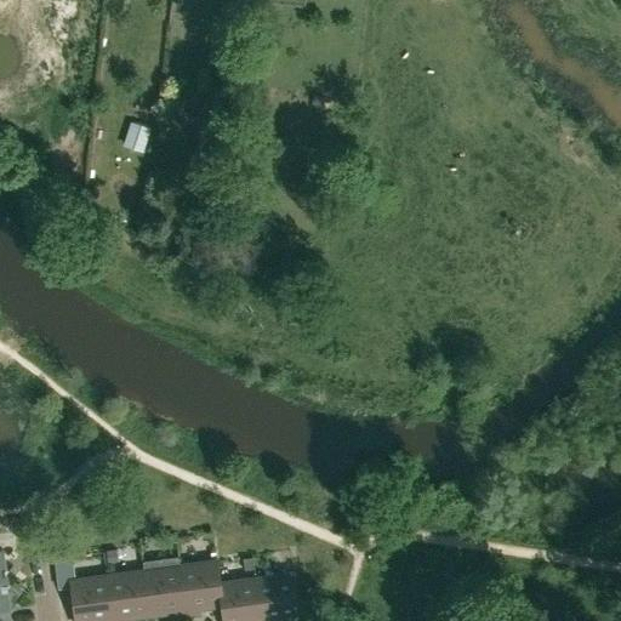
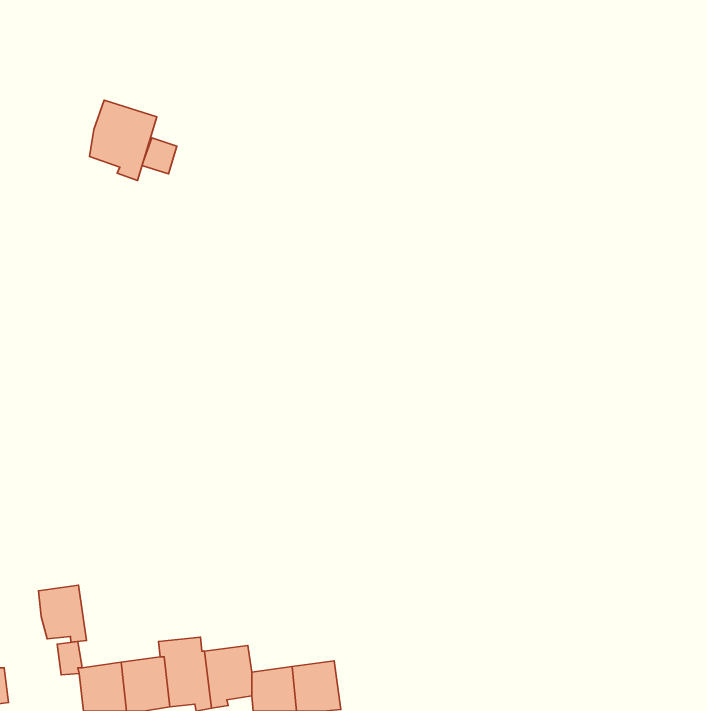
building: none -> [89,100,157,180]
building: none -> [38,585,87,642]

